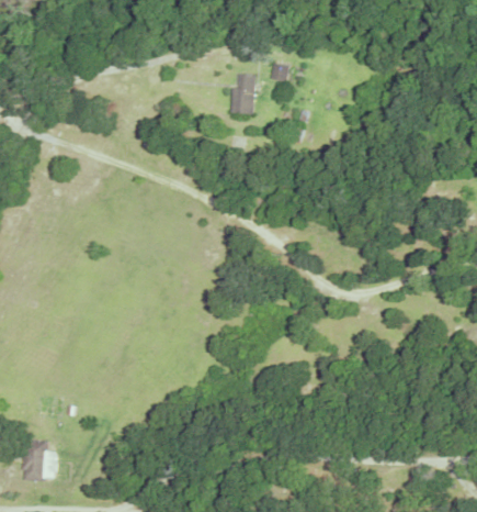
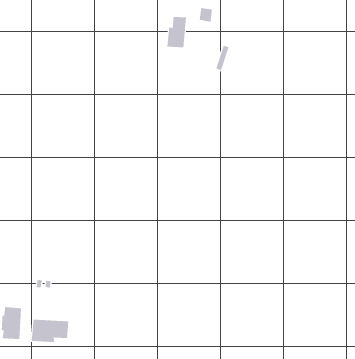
building: none -> [31,319,69,343]

